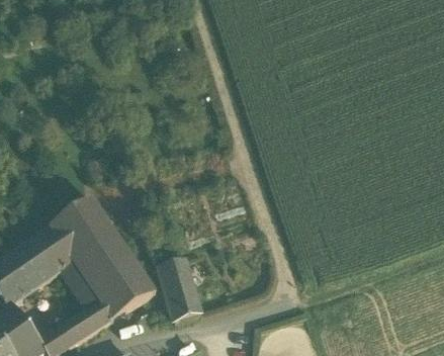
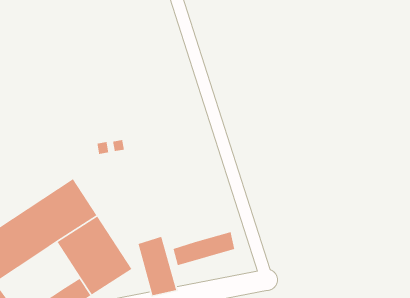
building: none -> [172,231,235,266]
building: [60,262,100,309] -> none

